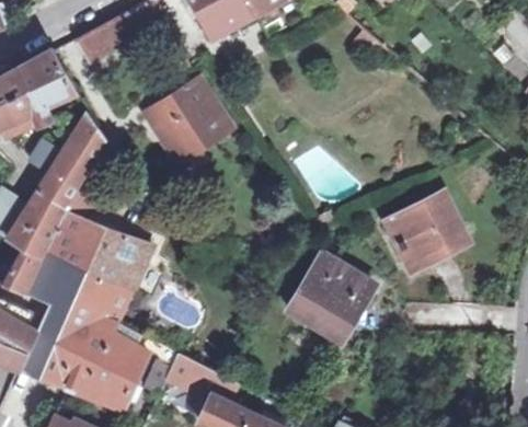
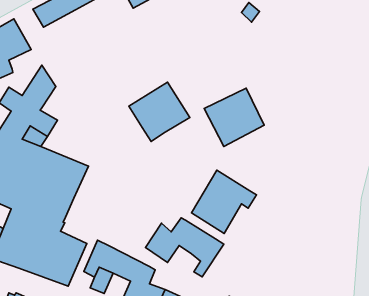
building: [147,81,228,160] -> [129,82,190,141]
building: [386,193,466,270] -> [204,88,264,146]
building: none -> [145,218,224,277]

